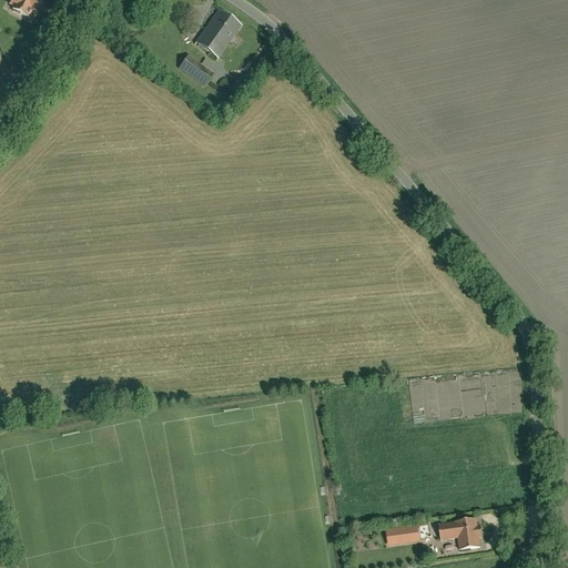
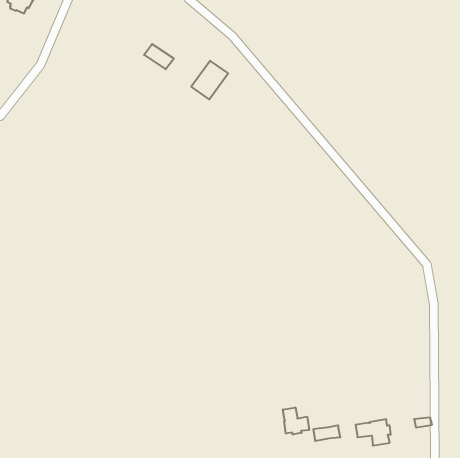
building: [195,9,241,57] -> [191,61,228,99]
building: none -> [283,407,309,435]

